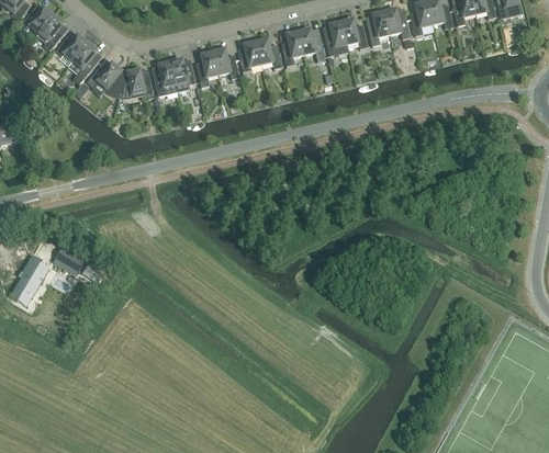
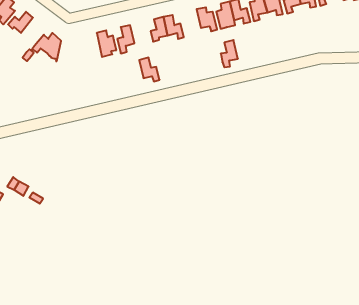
building: [282,30,304,65] -> [221,40,238,67]
building: [68,41,98,78] -> none
building: [213,47,239,78] -> [139,58,160,81]
building: [153,60,177,95] -> none
building: [119,67,154,98] -> none

